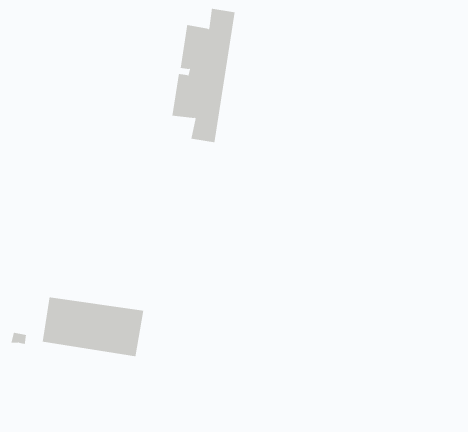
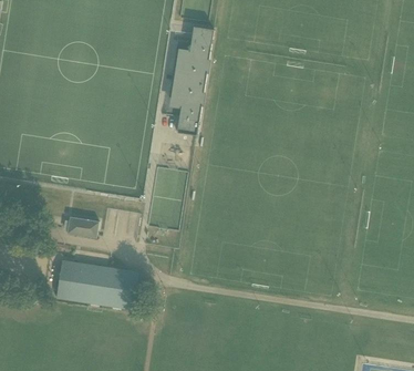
building: none -> [66,216,99,237]

